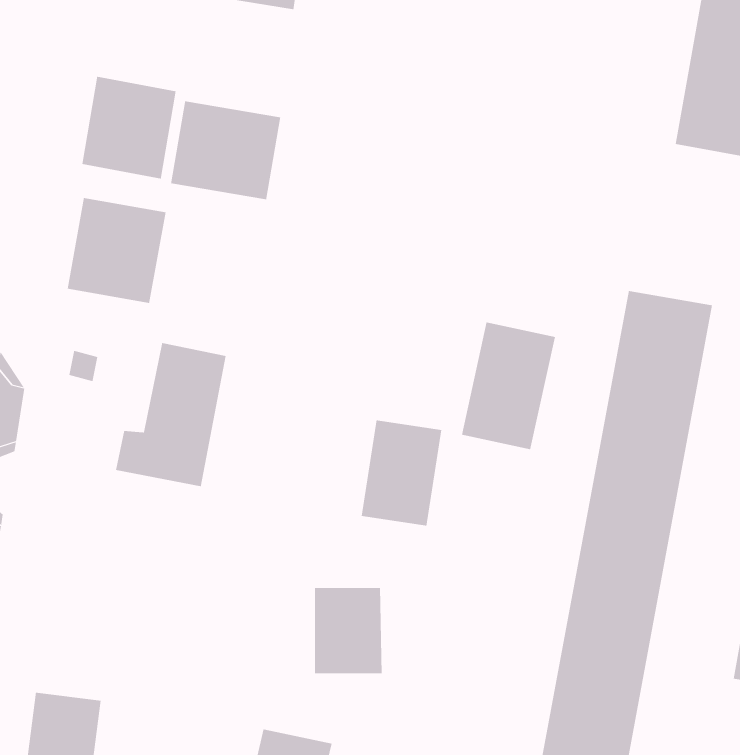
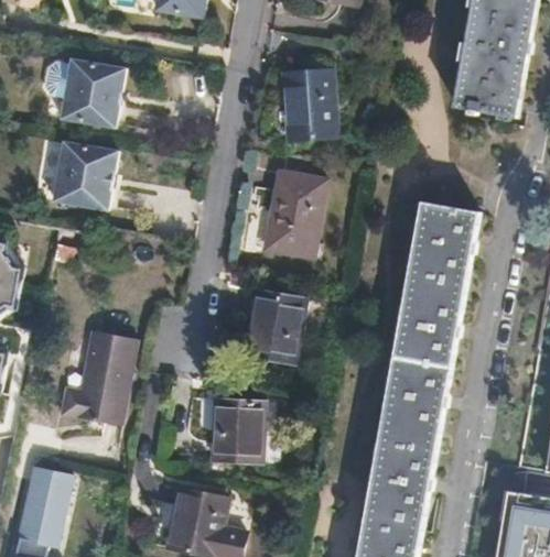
building: none -> [284,70,336,140]
building: [170,101,281,200] -> none
building: [461,322,556,450] -> [262,171,325,255]
building: [115,342,226,487] -> [61,334,134,429]

